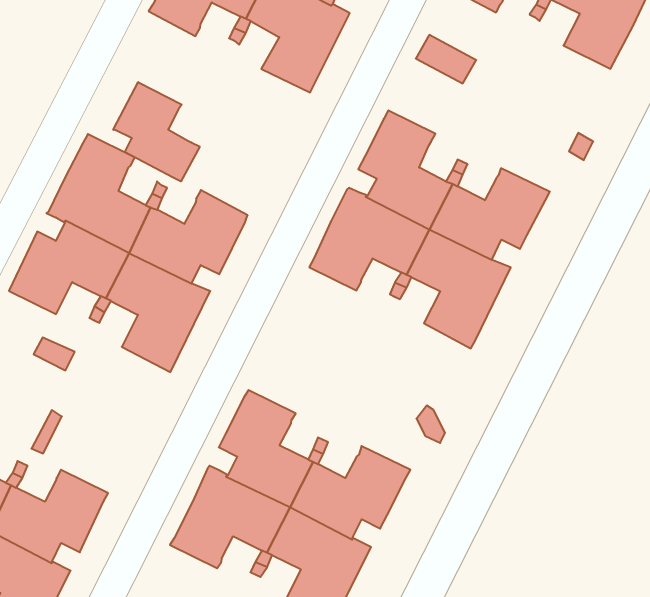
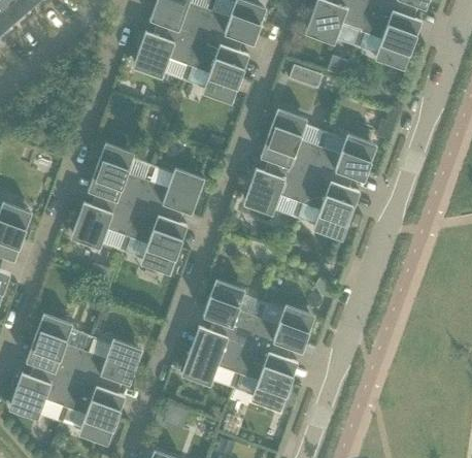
building: [113,82,200,181] -> none

